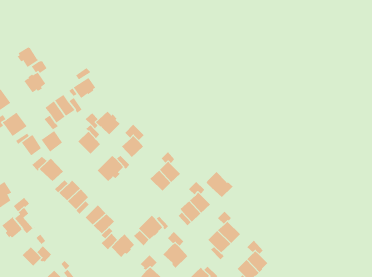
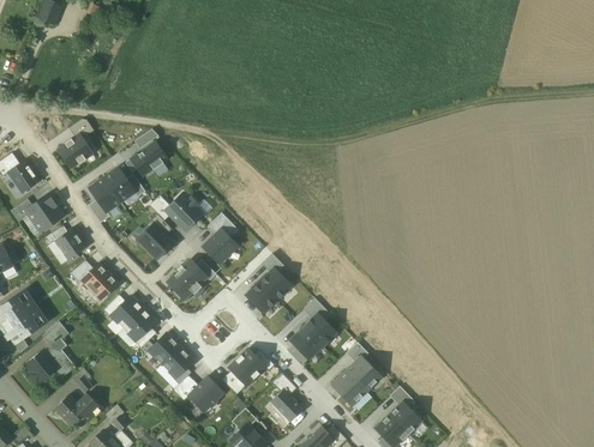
building: [17,46,39,68] -> none
building: [41,130,63,152] -> none
building: [206,171,233,198] -> none

